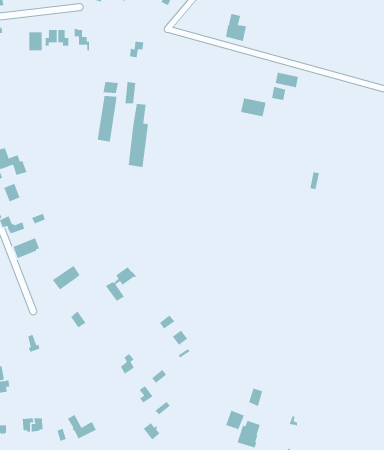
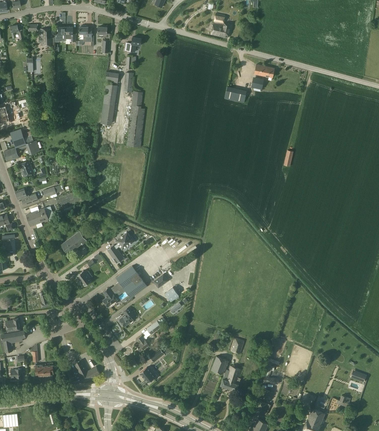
building: none -> [102,266,146,307]

